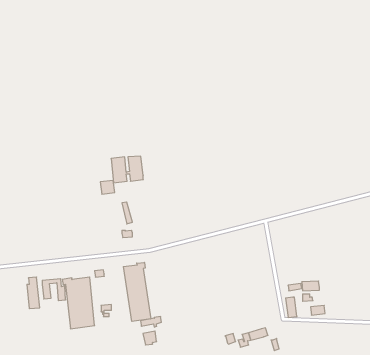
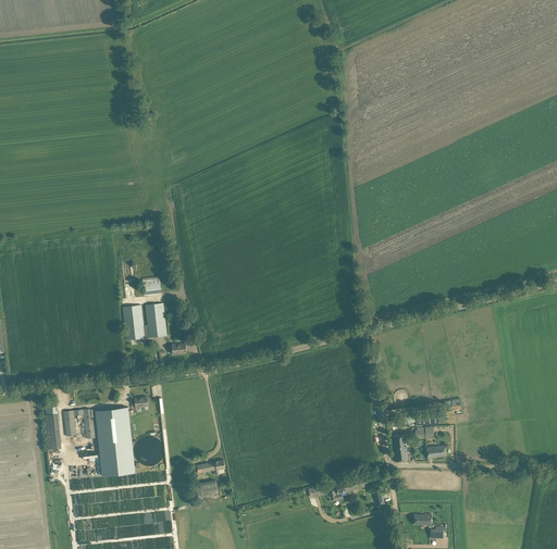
building: [111,156,143,183] -> [122,303,165,339]
building: [123,262,151,321] -> none

